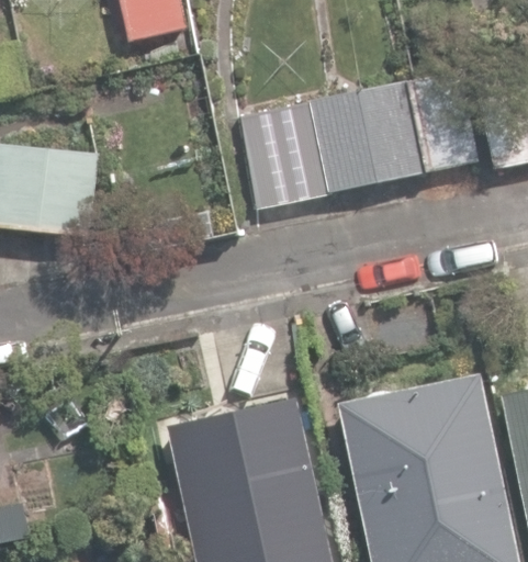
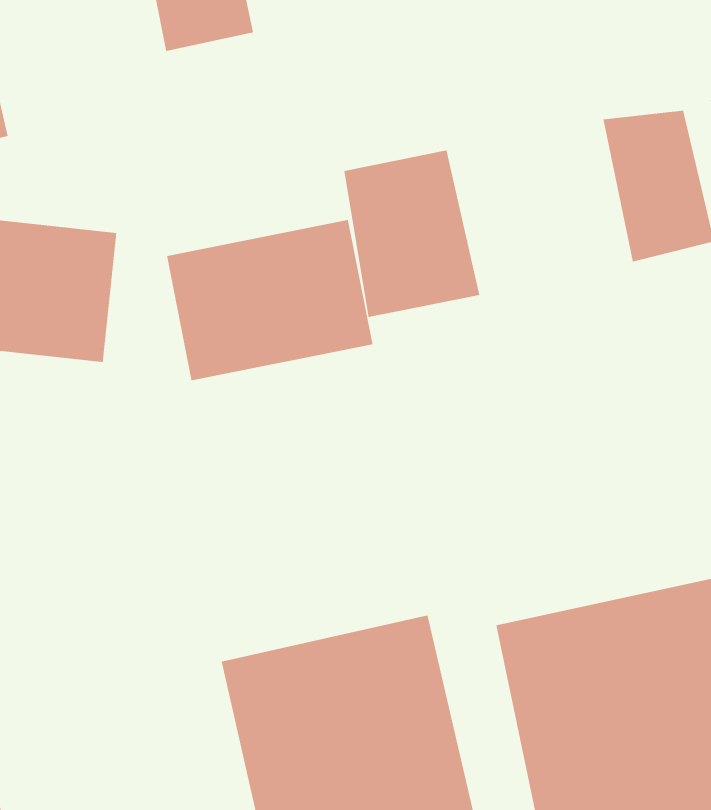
building: [307,81,425,193] -> none
building: none -> [167,219,373,381]

